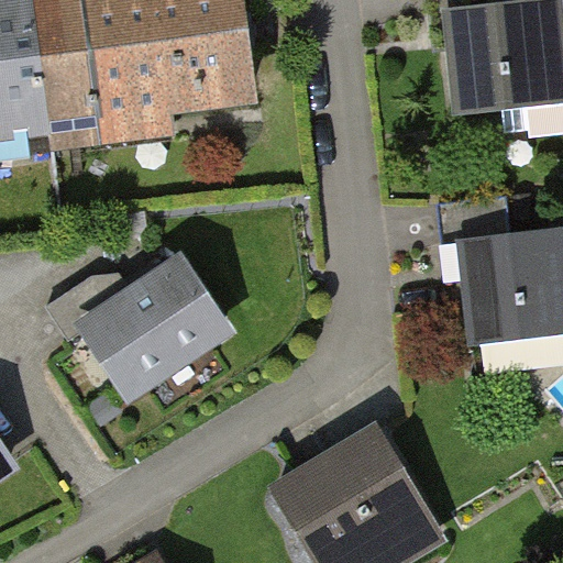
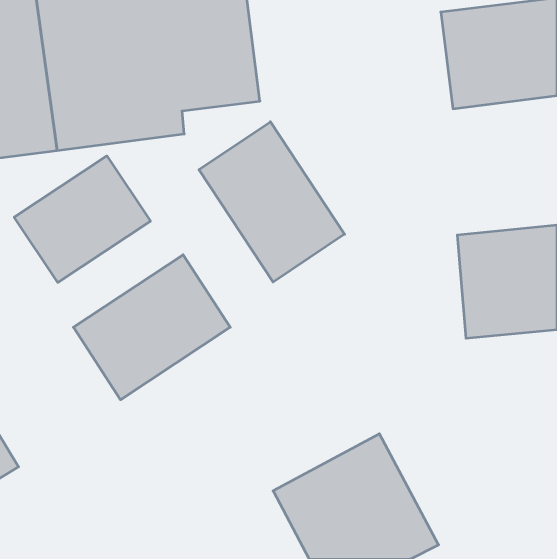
building: none -> [199,122,345,282]
building: none -> [14,156,150,282]

